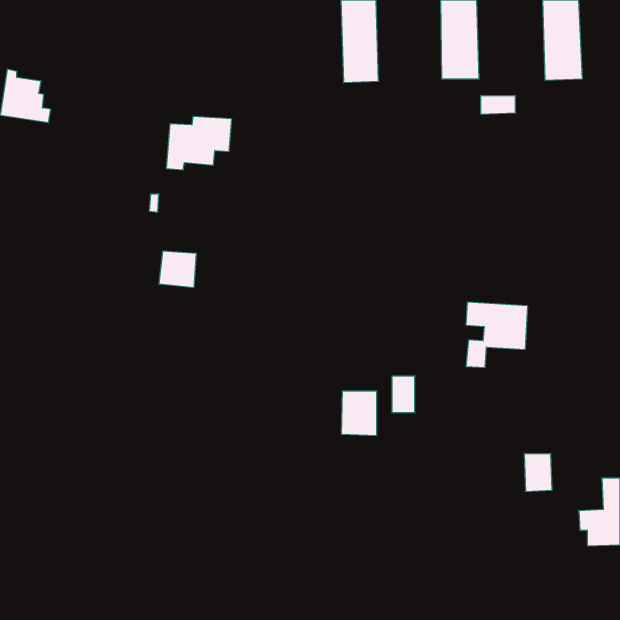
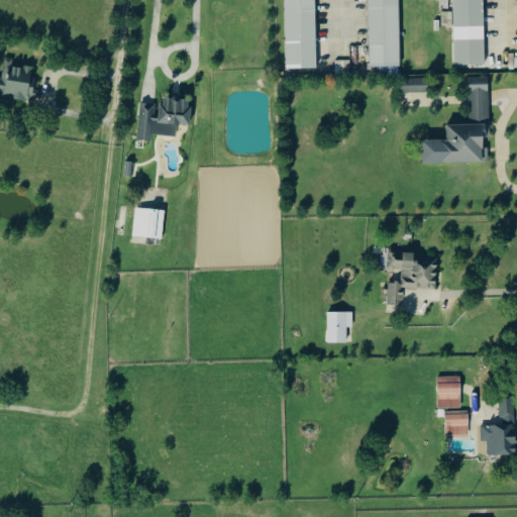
building: none -> [424,78,491,164]
building: [341,391,377,436] -> none
building: none -> [447,410,470,435]

